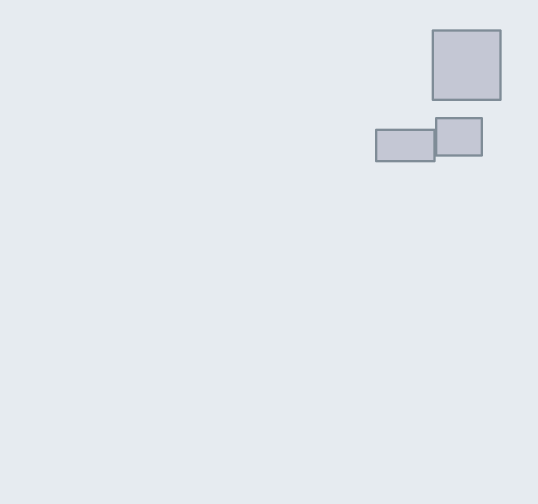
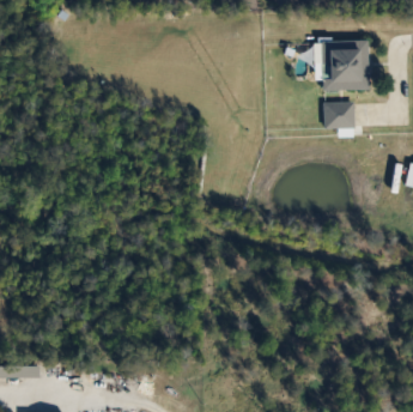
building: [376,130,434,161] -> none

